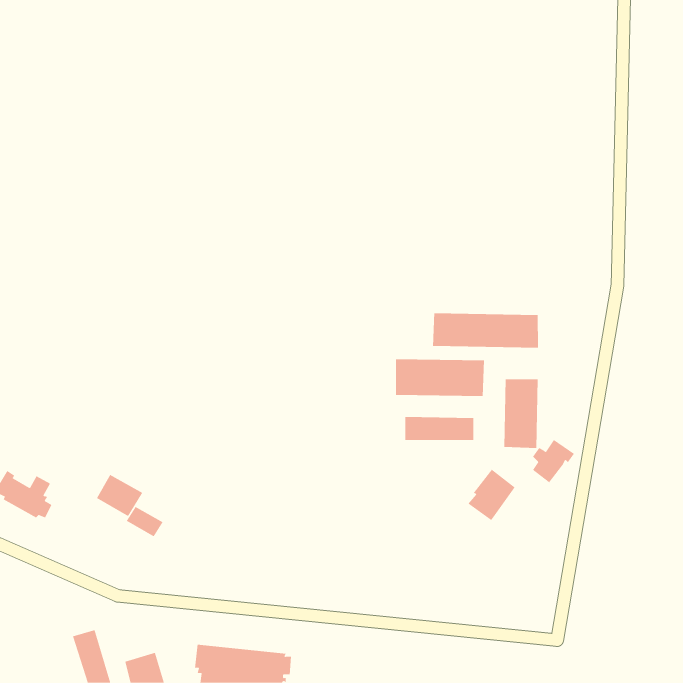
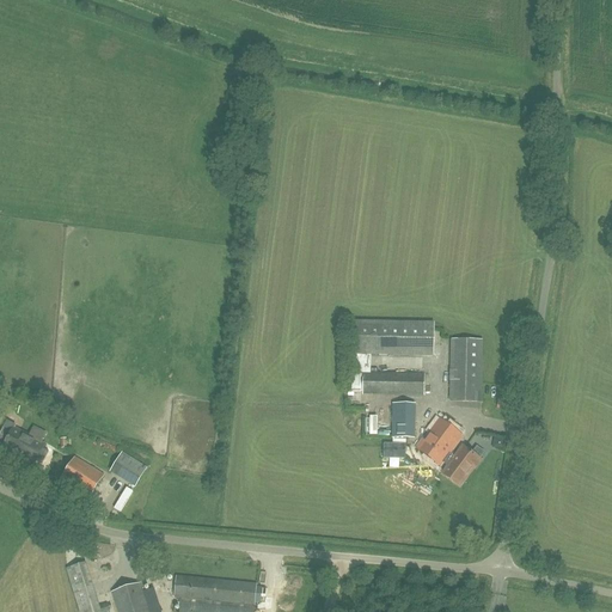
building: [432,312,538,348] -> none
building: [532,439,575,483] -> [442,445,481,484]
building: none -> [391,403,414,436]
building: [96,474,143,517] -> [61,457,103,495]

